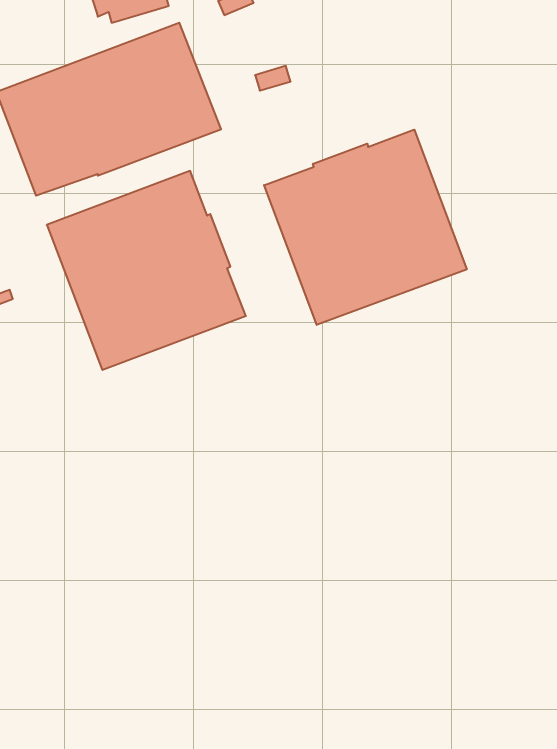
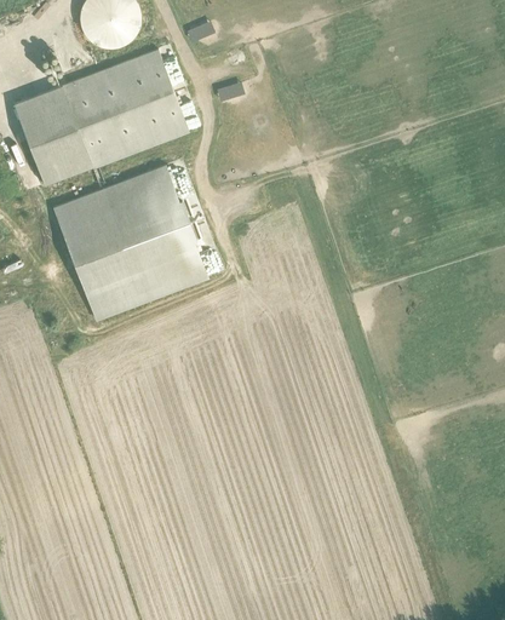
building: [264,130,467,325] -> none

